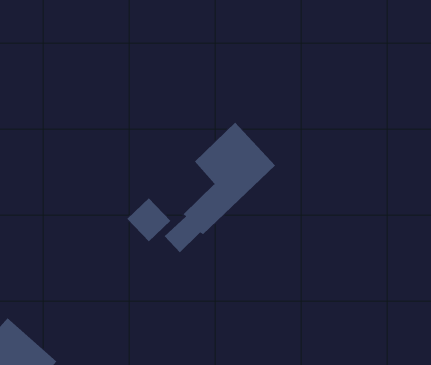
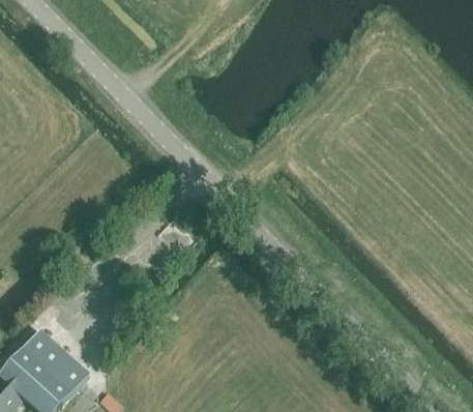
building: [164,122,276,253] -> none

